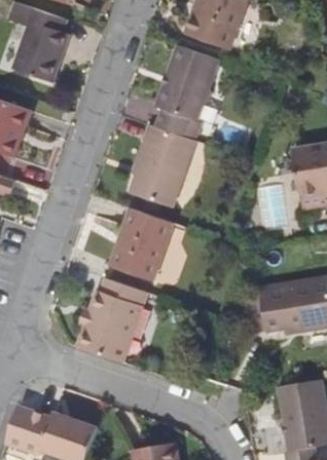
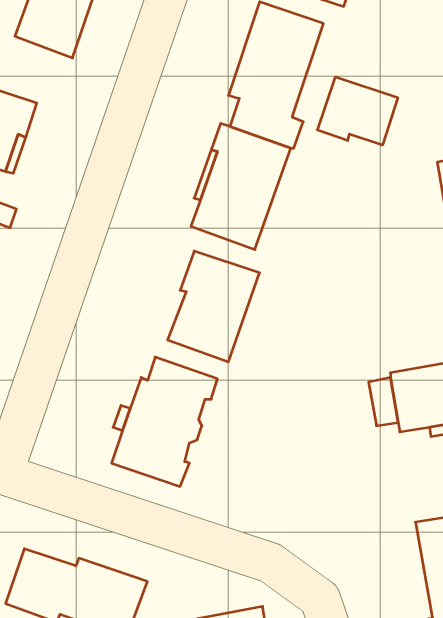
building: none -> [317,77,398,145]

